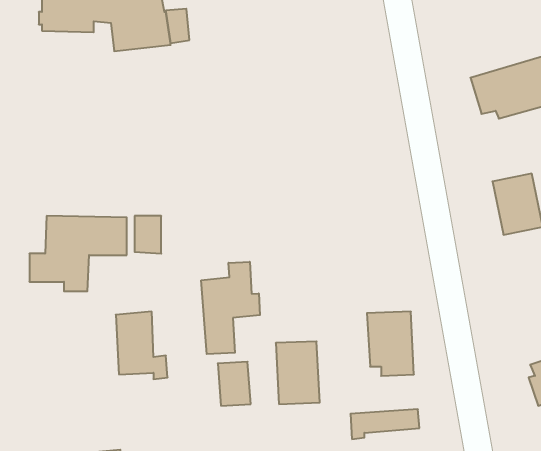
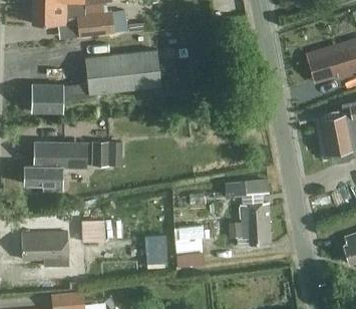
building: none -> [32,50,162,112]
building: [201,262,260,354] -> none
building: none -> [21,232,68,266]
building: [350,409,419,439] -> [225,181,269,200]

